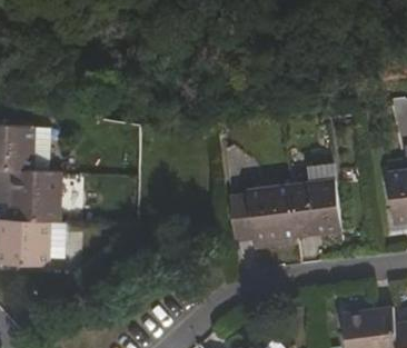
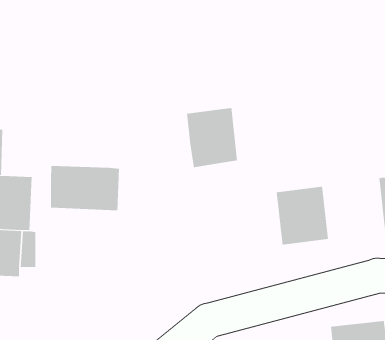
building: none -> [51,165,120,211]
building: [247,186,296,242] -> [186,108,238,168]

